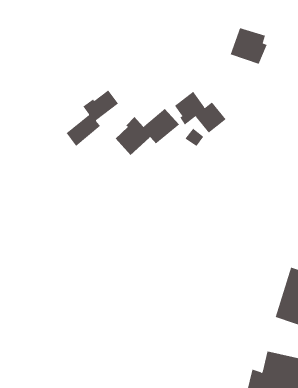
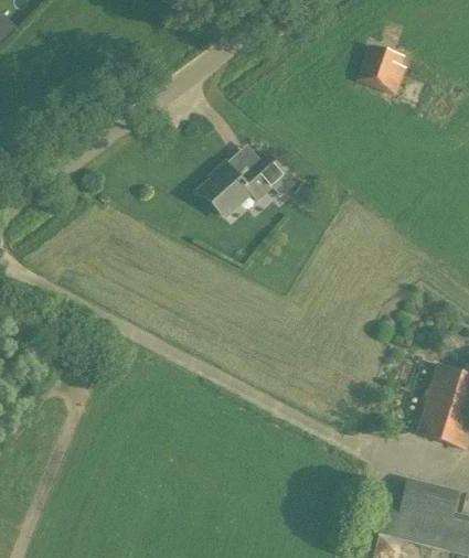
building: [66,89,119,147] -> none
building: [174,91,227,134] -> none

